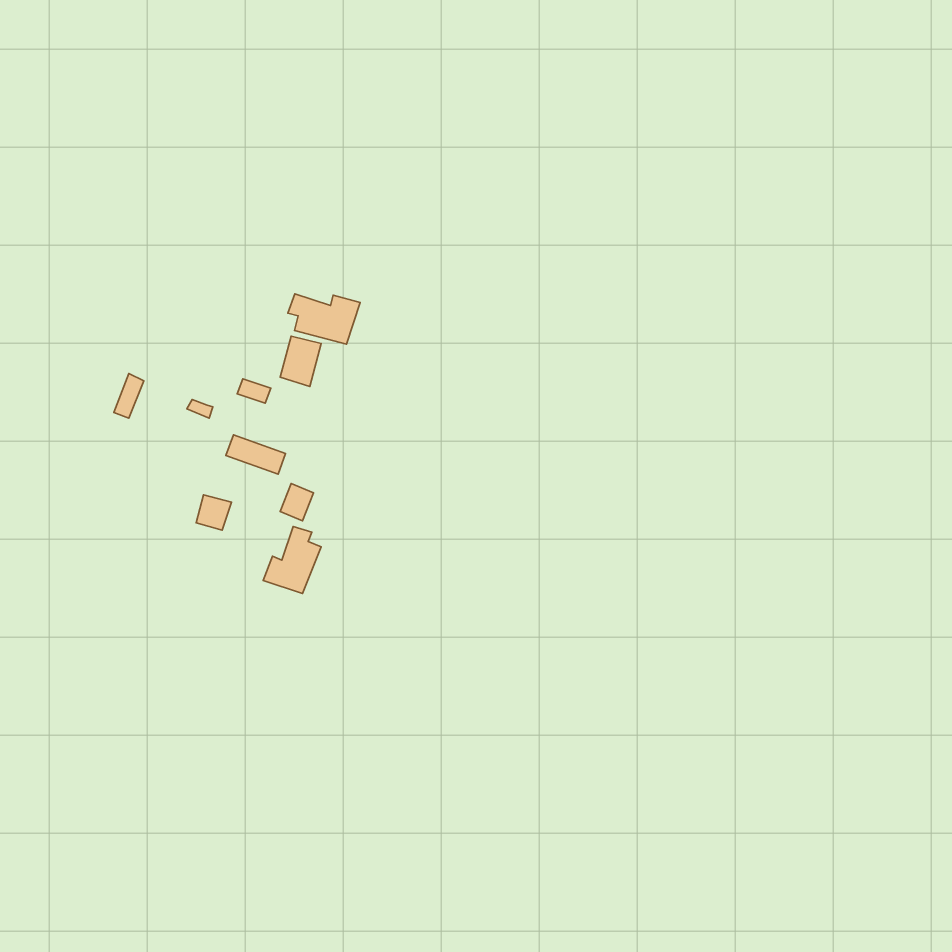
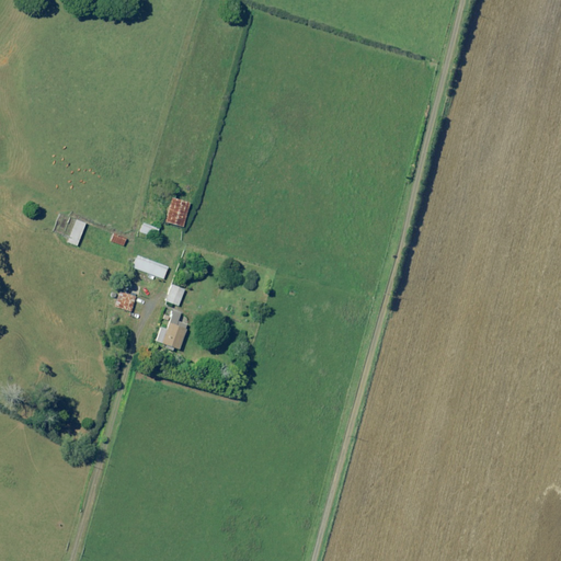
building: [288,294,360,344] -> none

